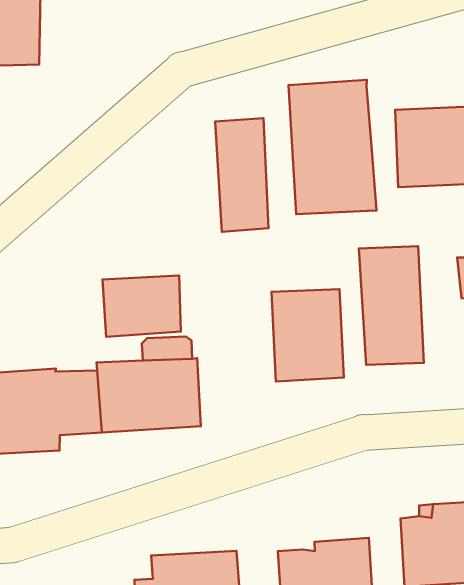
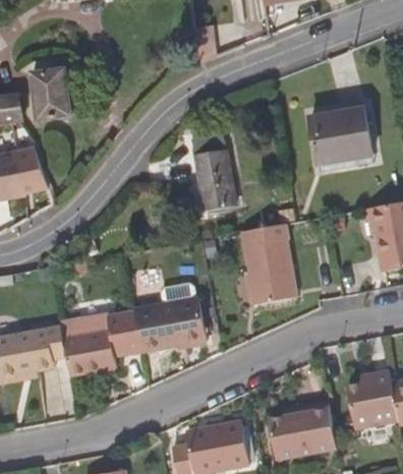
building: [289,80,376,214] -> none
building: [359,246,424,365] -> none
building: [102,276,181,337] -> none

